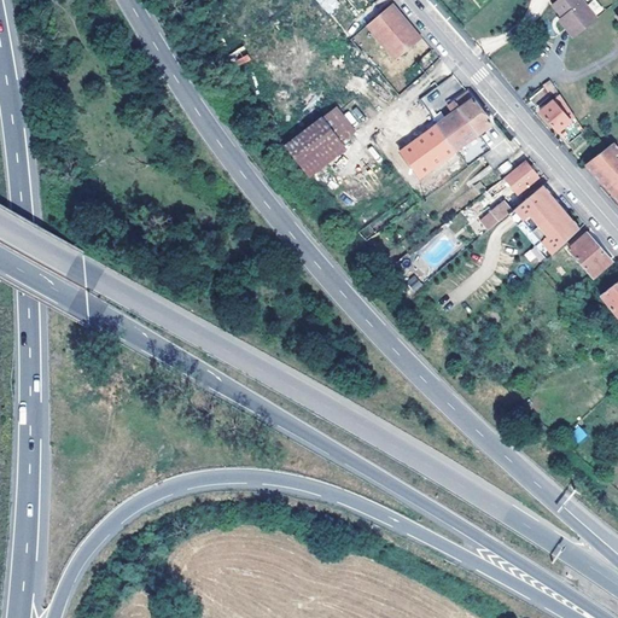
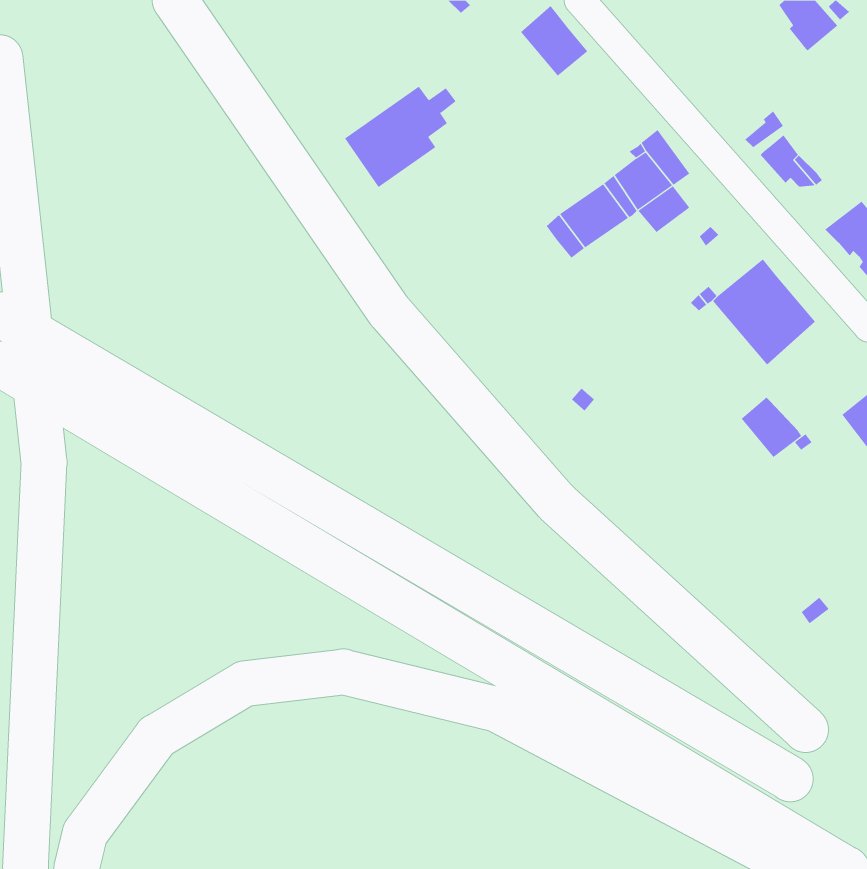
building: [285,106,365,179] -> [344,86,456,188]
building: [490,161,536,192] -> none
building: [567,233,611,276] -> [741,397,802,458]

